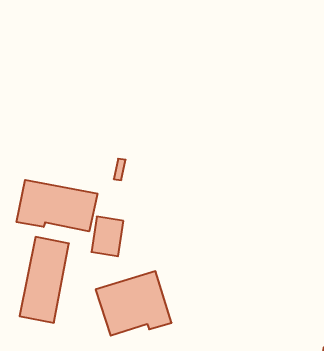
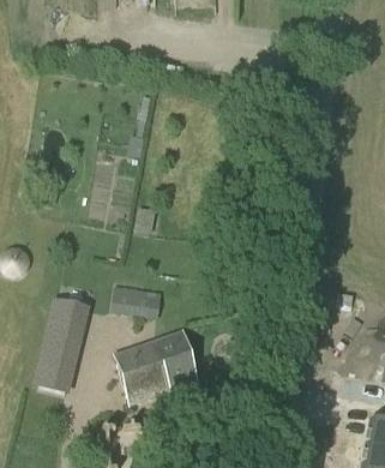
building: [17,180,97,231] -> none

